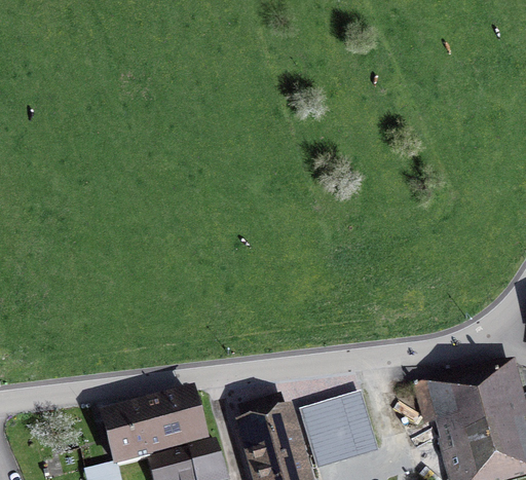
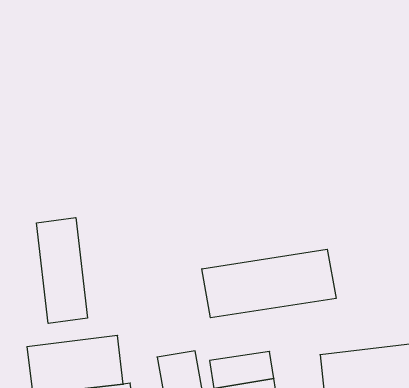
building: none -> [37,218,87,323]
building: none -> [202,249,336,318]

